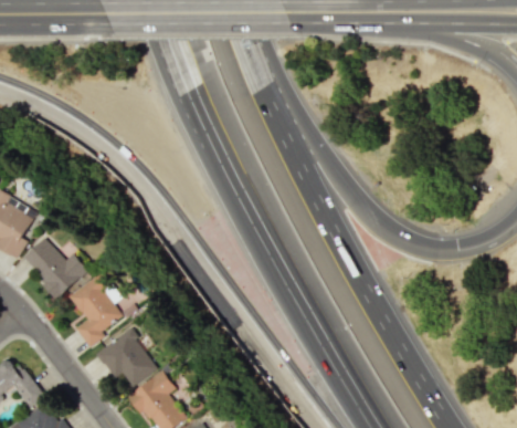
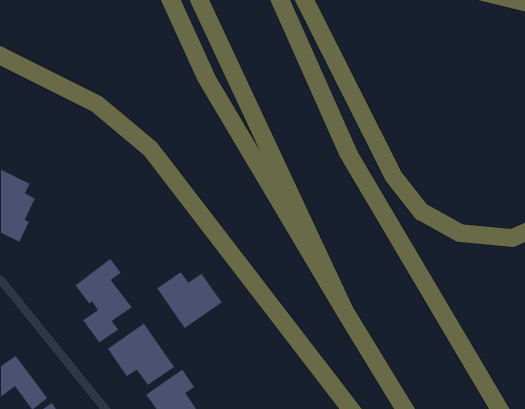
building: [22,238,88,297] -> none
building: none -> [156,271,223,329]

